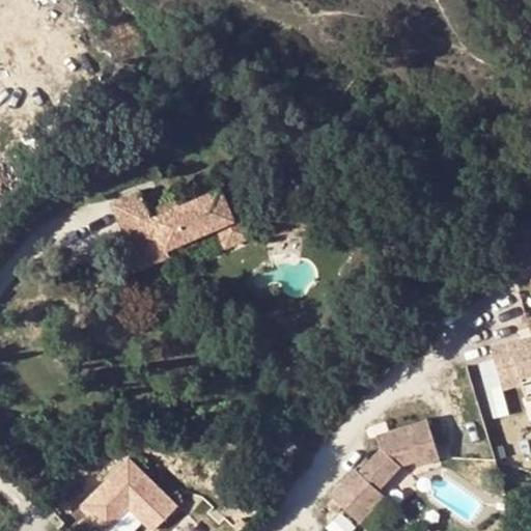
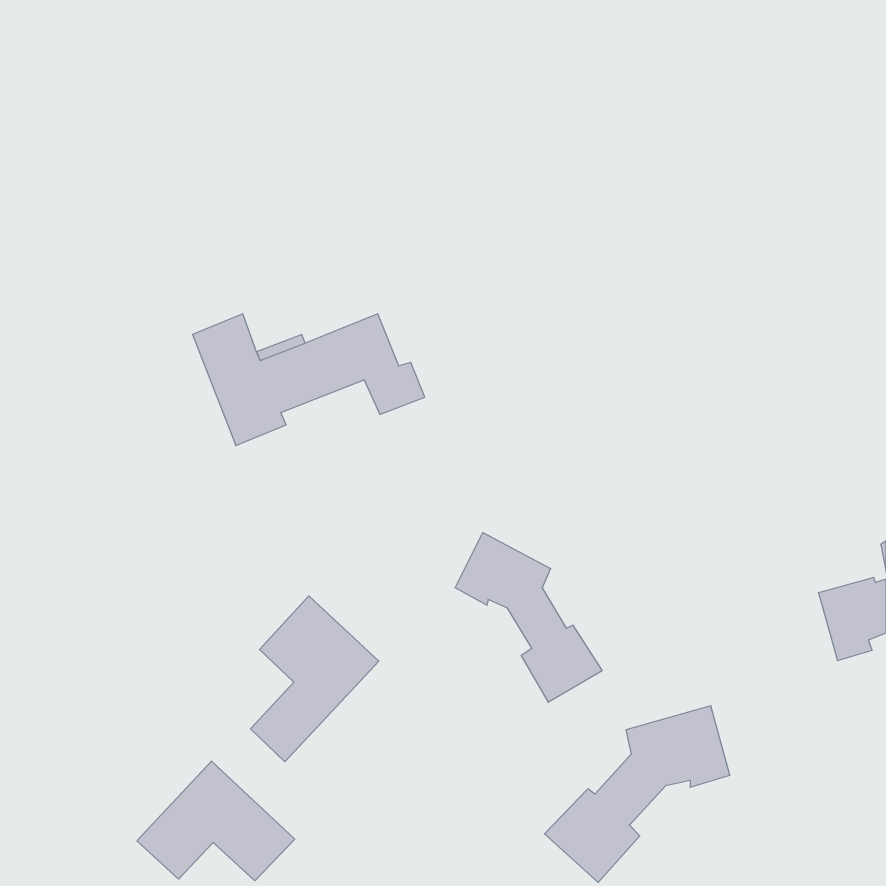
building: none -> [455,533,602,702]
building: none -> [251,596,379,762]

